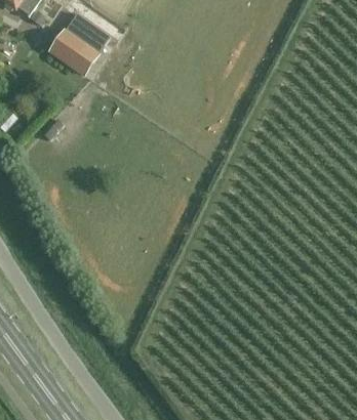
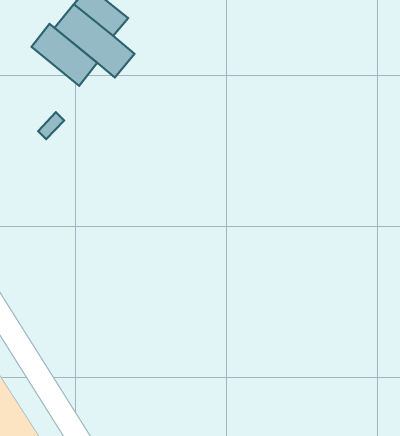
building: none -> [31,24,97,86]

